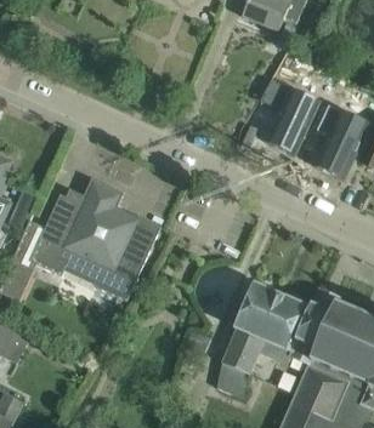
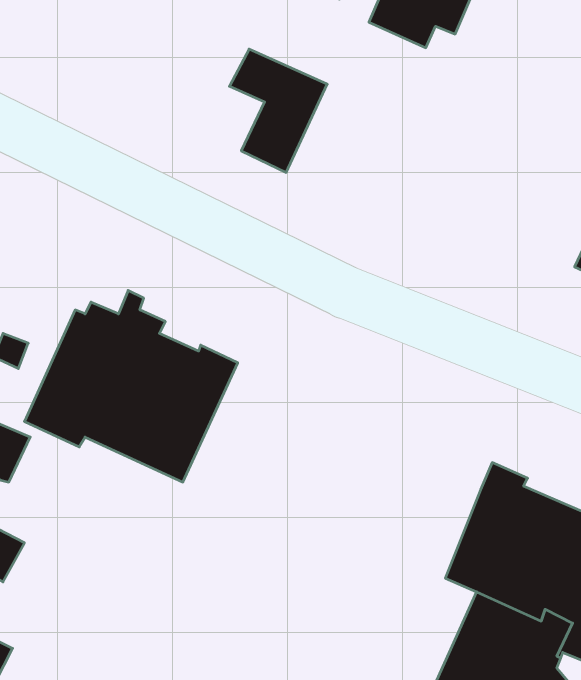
building: [257,78,318,154] -> [229,49,327,172]
building: [314,103,368,177] -> none
building: [215,284,311,395] -> none

